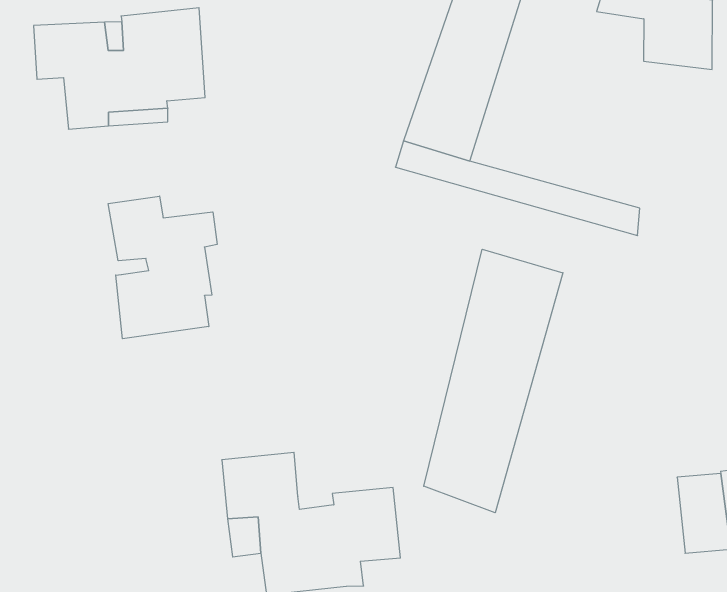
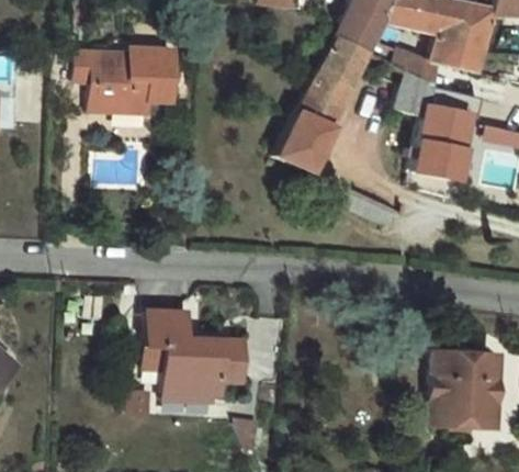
building: none -> [417,117,463,164]
building: [108,196,217,339] -> none
building: [424,249,563,513] -> none

